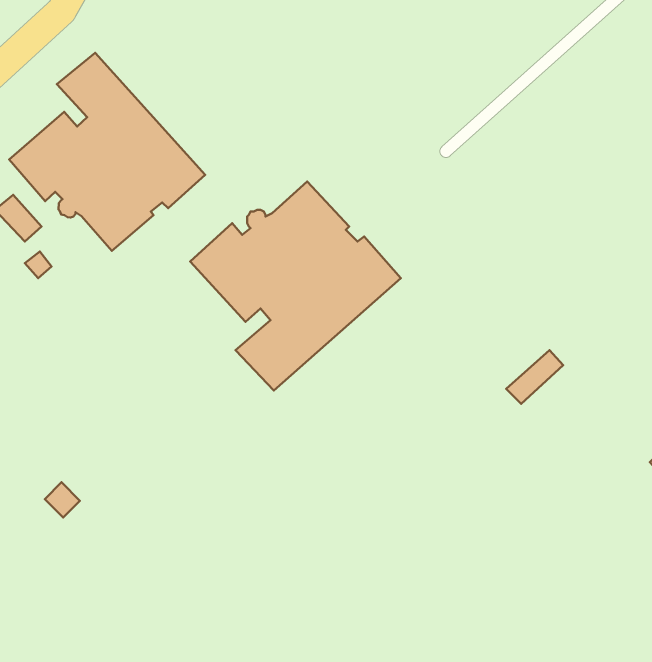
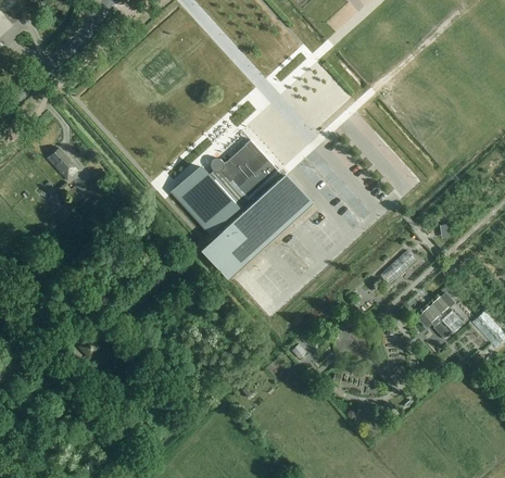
building: [9,53,205,251] -> none
building: none -> [418,293,464,338]

